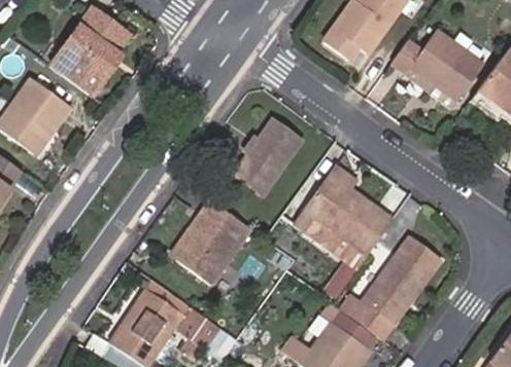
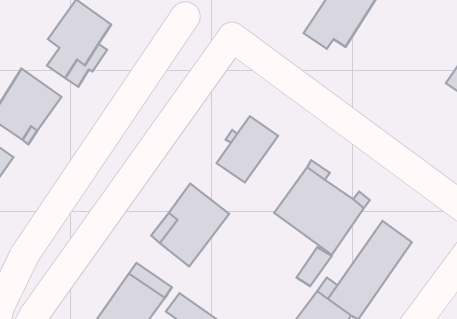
building: [395,30,482,96] -> none

